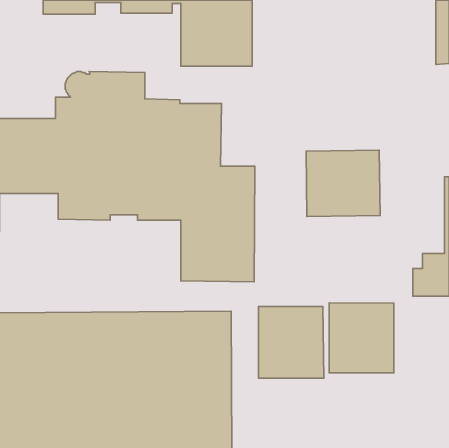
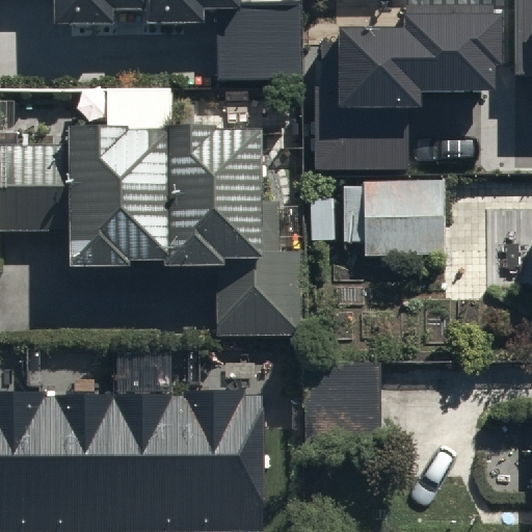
building: none -> [314,15,499,174]
building: [329,303,394,373] -> none

